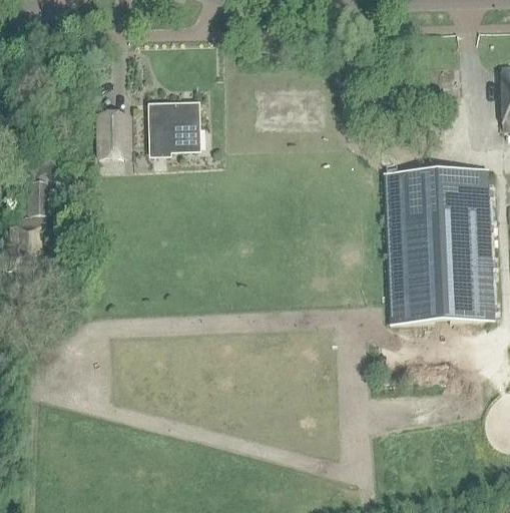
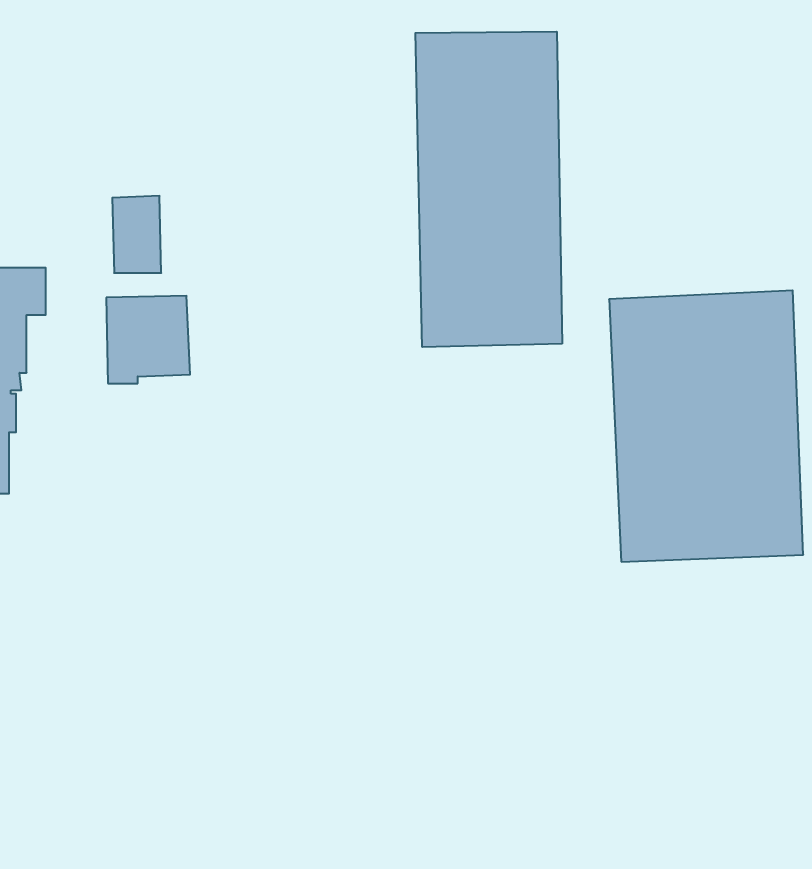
building: none -> [415,32,562,347]
building: [151,102,199,152] -> [106,296,190,383]

